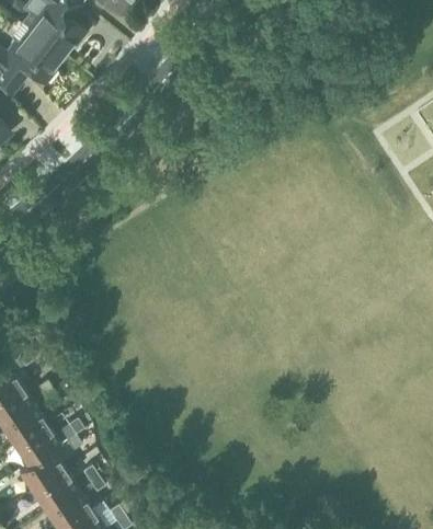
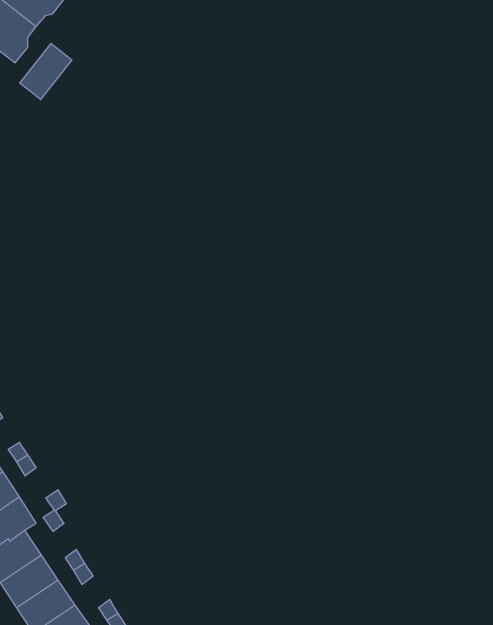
building: none -> [20,43,72,100]

